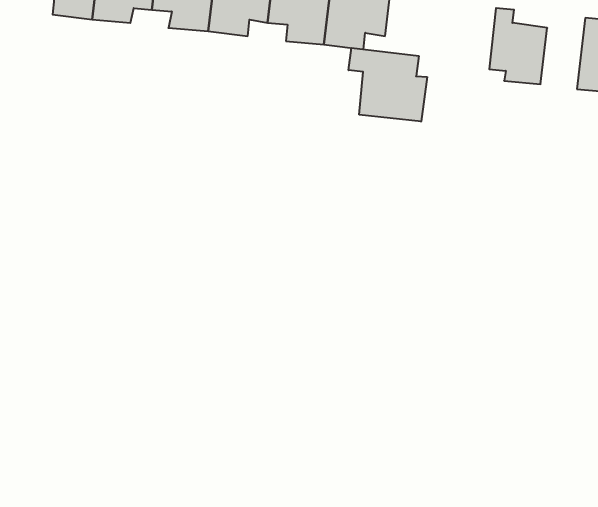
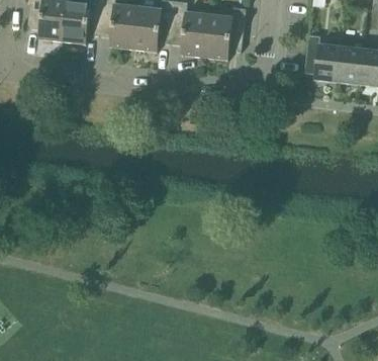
building: none -> [337,38,364,84]
building: [349,48,427,122] -> none

